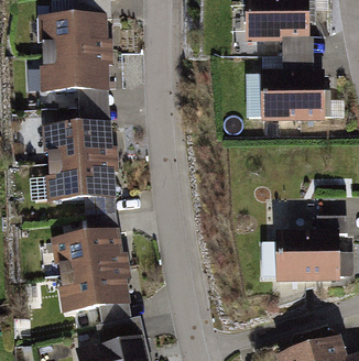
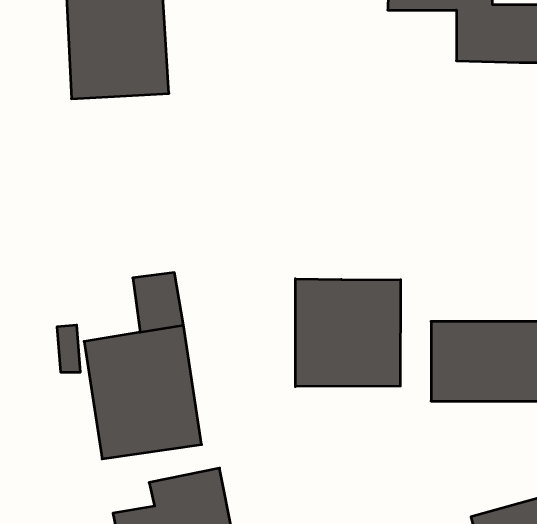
building: [258,68,320,123] -> none
building: [46,122,112,199] -> none
building: none -> [295,279,401,387]

